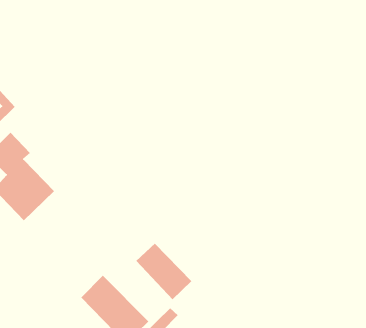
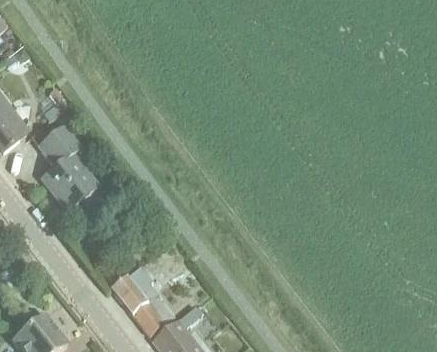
building: [136,243,192,300] -> none

